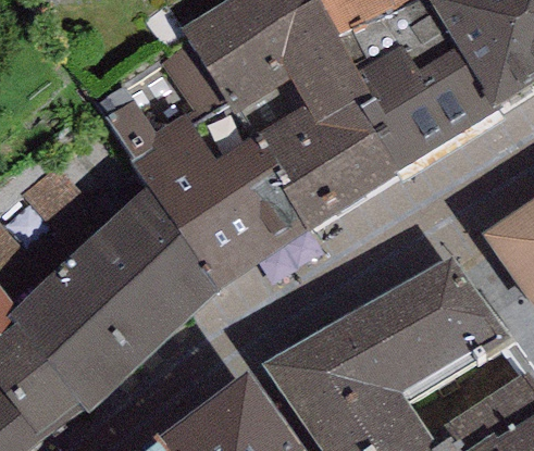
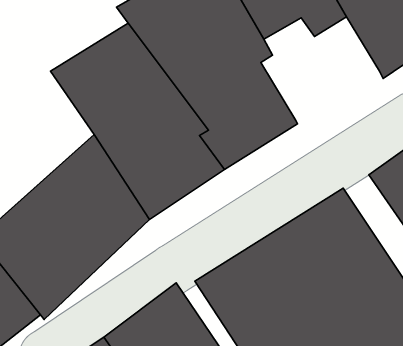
building: [351,43,496,170] -> none

